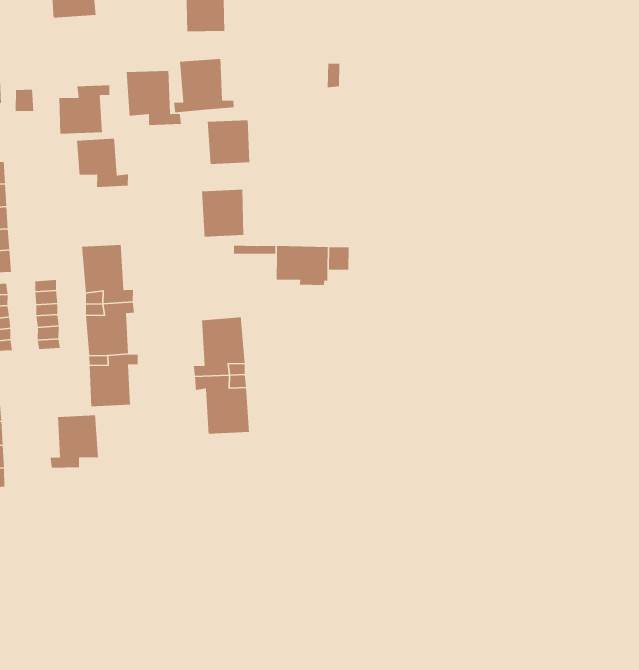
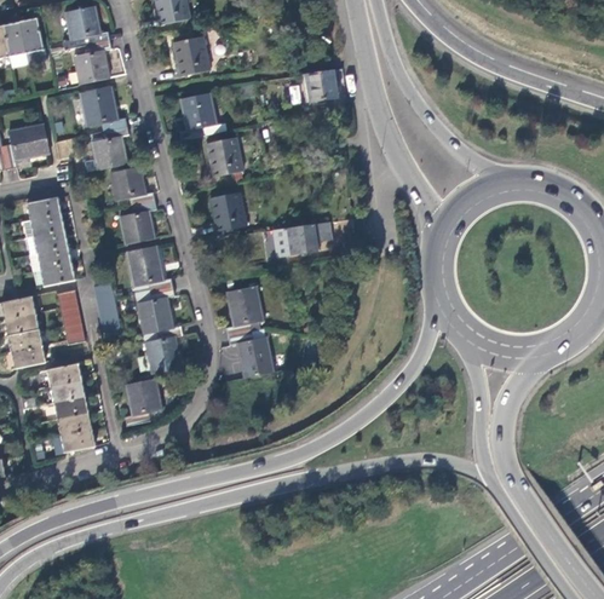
building: none -> [306,68,341,102]
building: [126,70,182,126] -> [80,86,128,131]
building: none -> [117,201,155,244]

